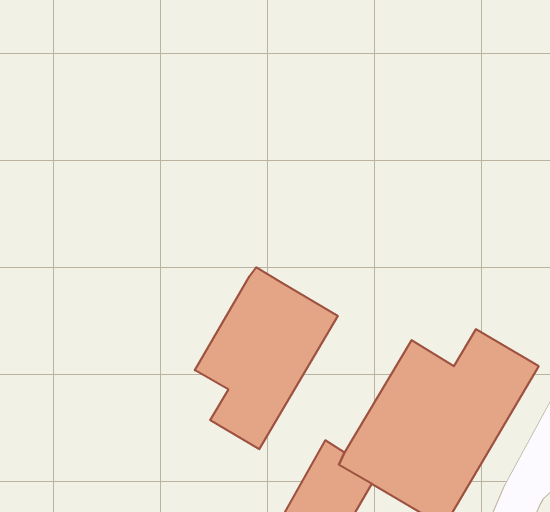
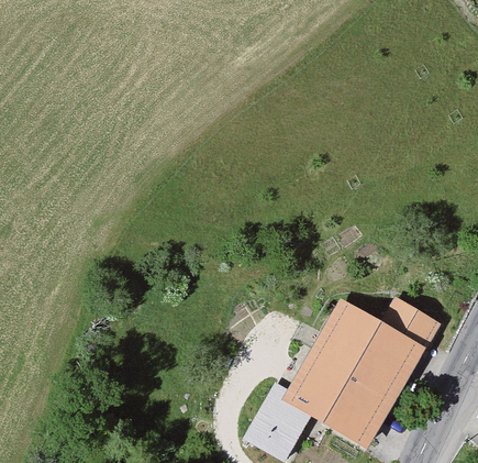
building: [195,267,338,449] -> none

